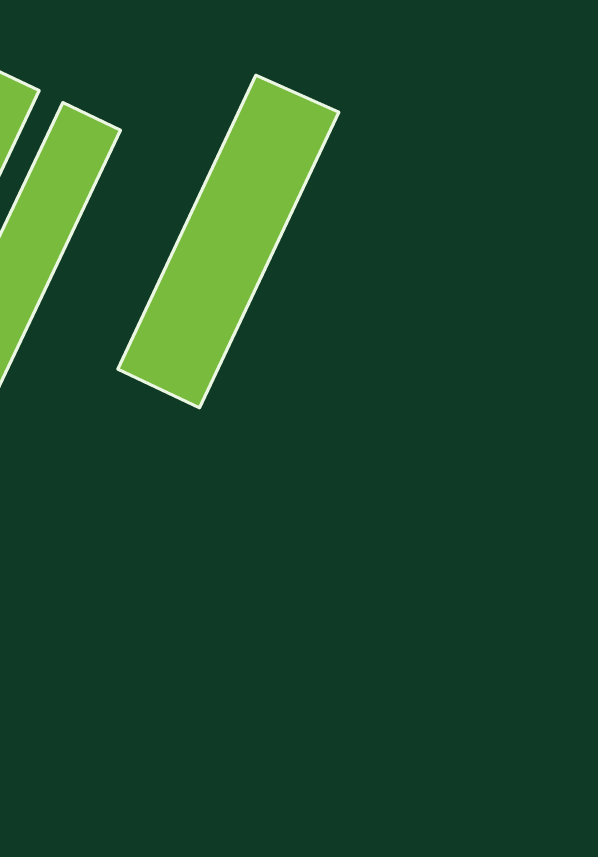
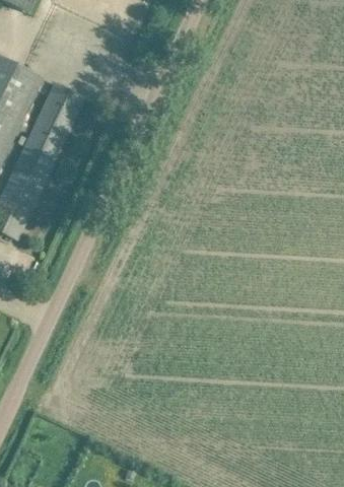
building: [118,75,339,408] -> none

